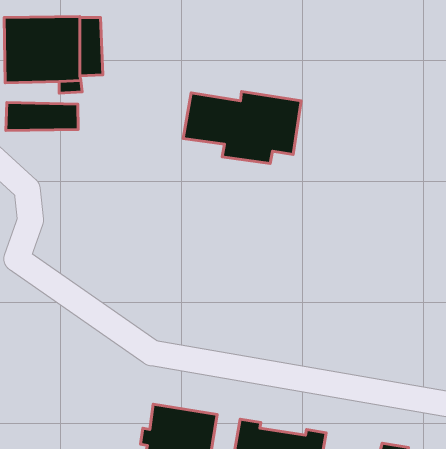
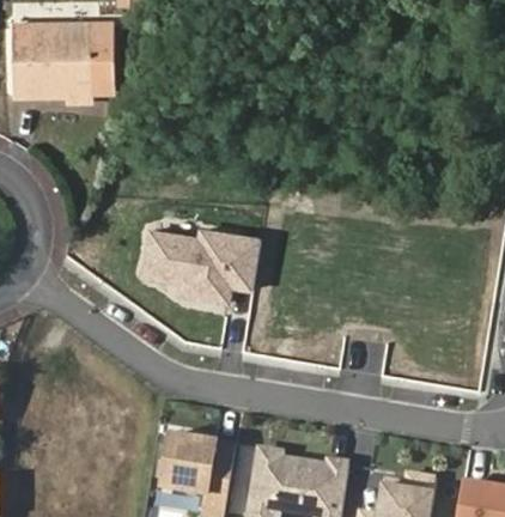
building: [183,92,301,164] -> [139,227,262,303]
building: [6,103,78,131] -> none

